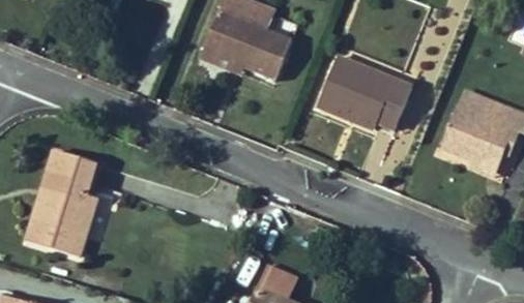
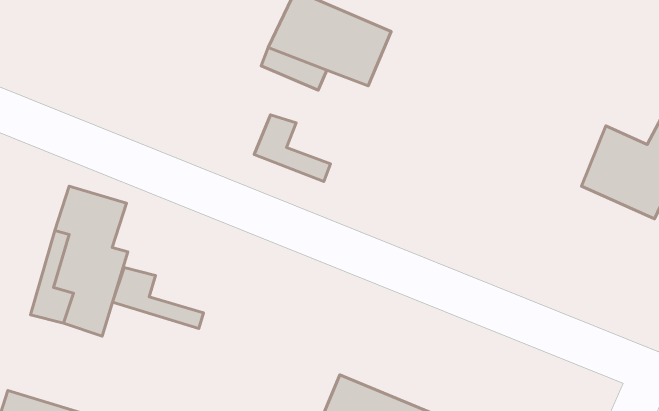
building: [312,53,409,121] -> none
building: none -> [254,115,331,182]
building: none -> [113,267,203,328]

